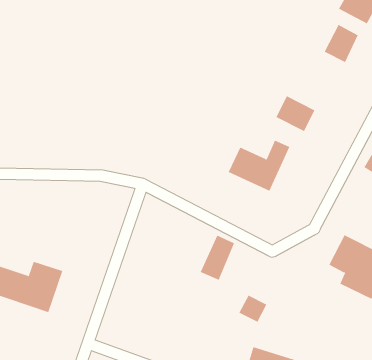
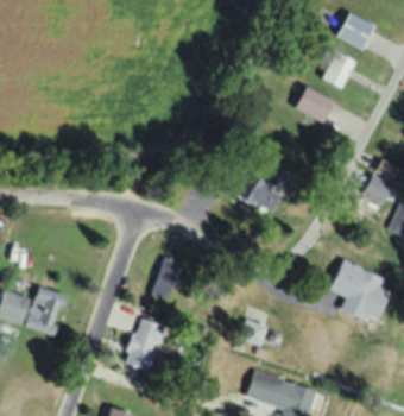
building: [276,96,315,132] -> [297,87,336,122]
building: [200,235,235,281] -> [151,256,185,301]
building: none -> [124,317,162,371]

